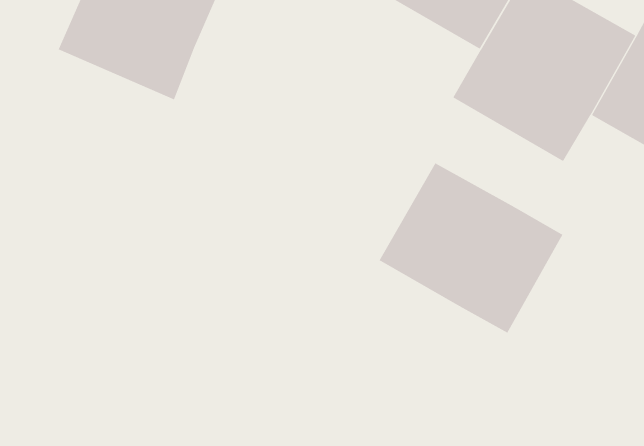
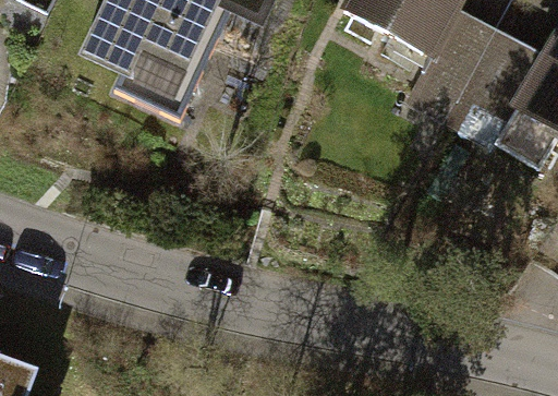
building: [379,163,563,334] -> none

